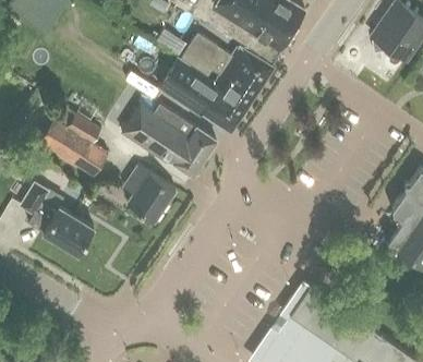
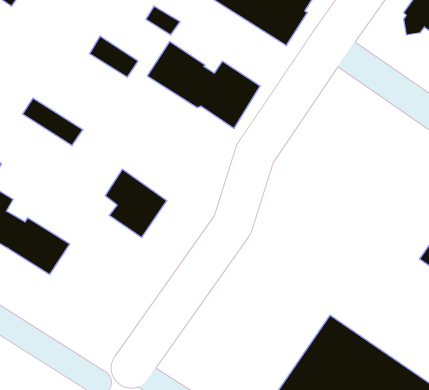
building: [186,37,271,97] -> none
building: [122,105,217,177] -> none
building: [41,120,110,178] -> none

